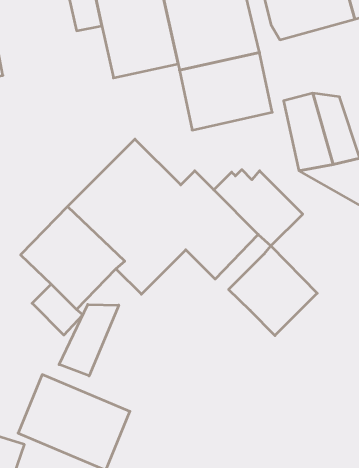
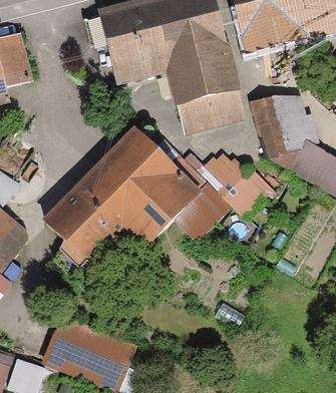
building: [229,246,317,336] -> none
building: [59,304,119,376] -> none

